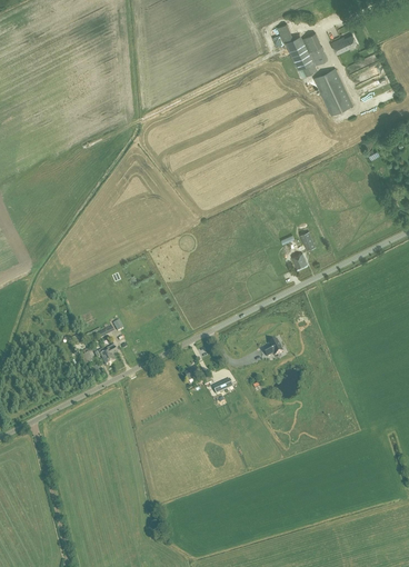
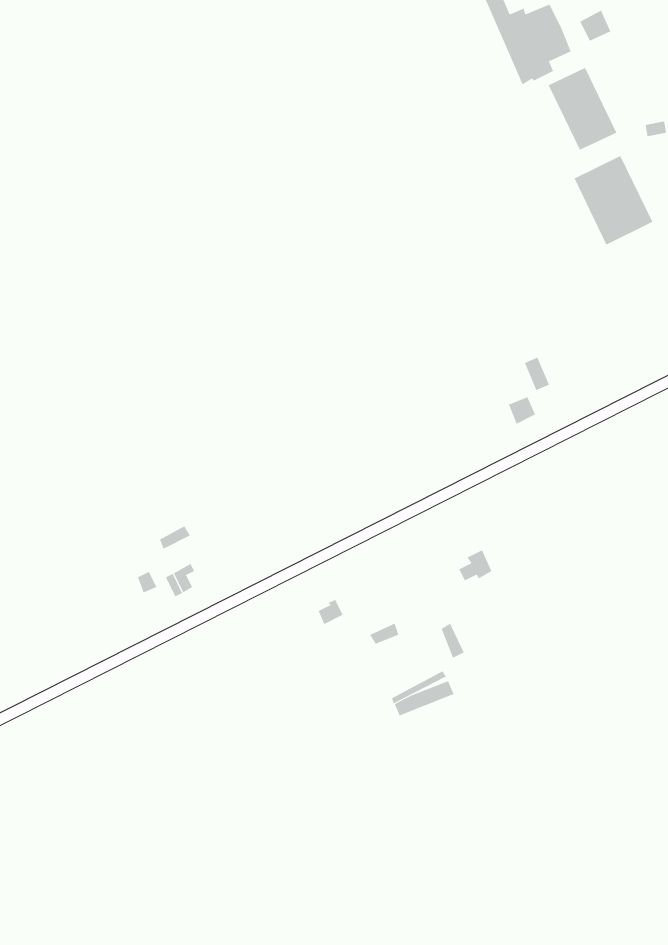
building: none -> [574,155,653,245]

